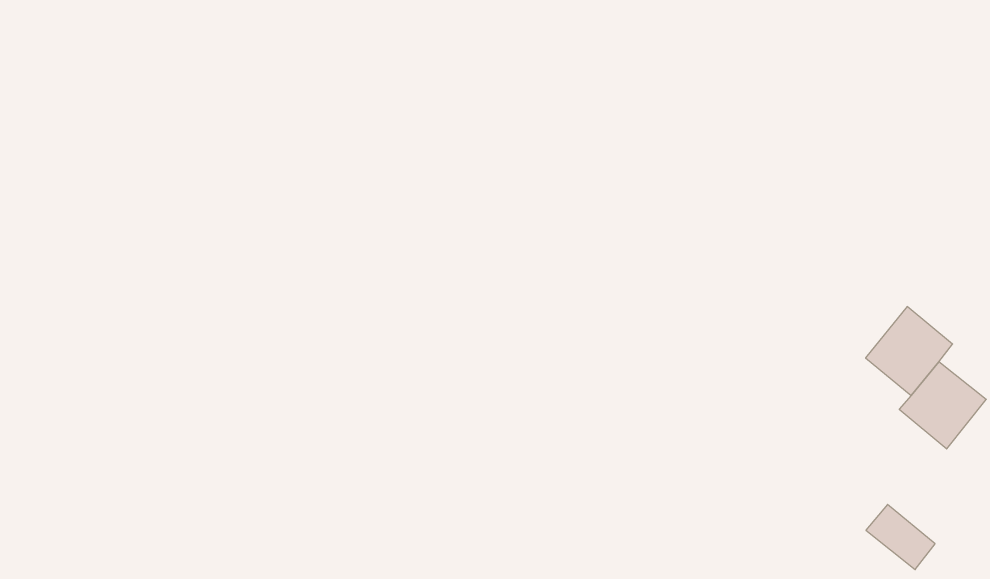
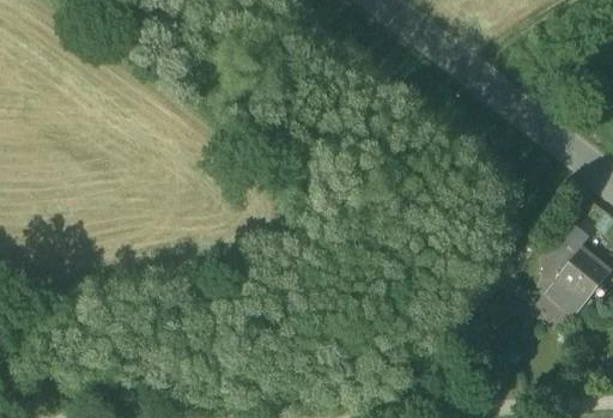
building: [866,504,935,570] -> [542,277,584,316]

